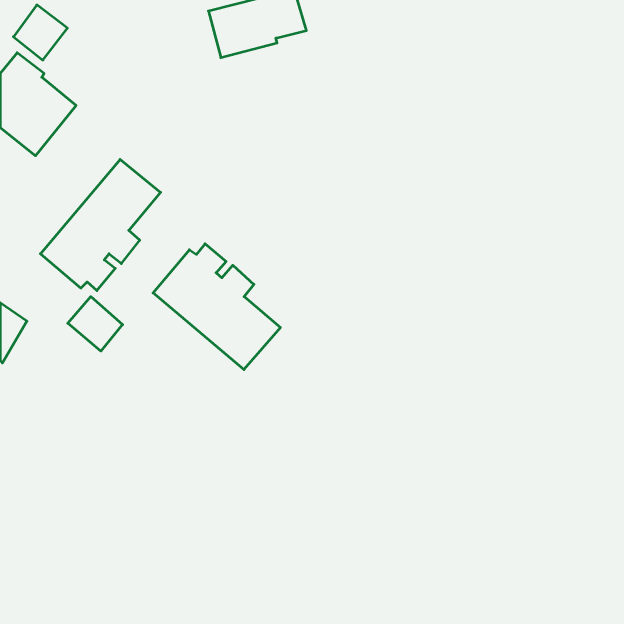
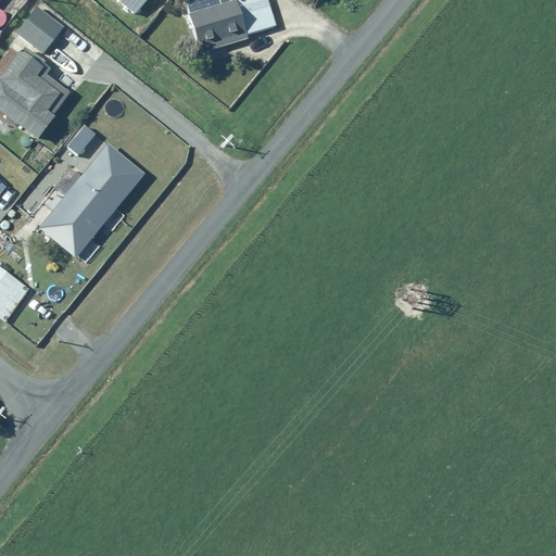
building: [153,244,280,370] -> none
building: [68,297,123,351] -> none

